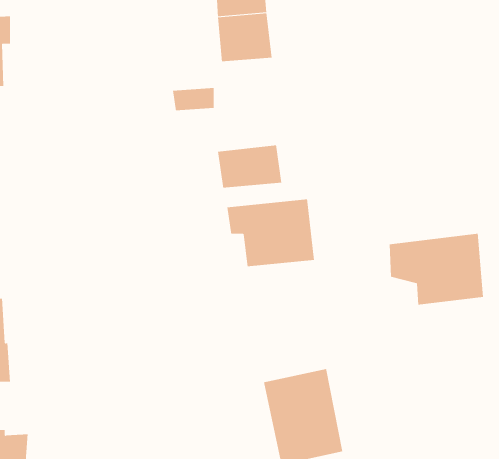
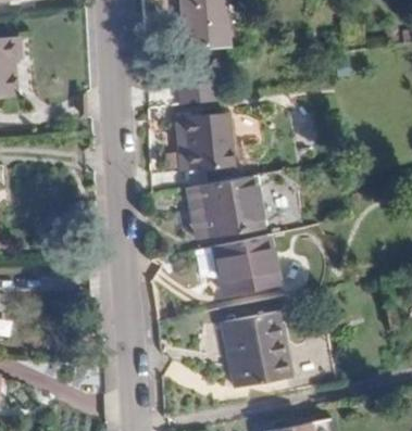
building: none -> [182,116,232,143]
building: [389,233,484,305] -> [203,238,279,295]

